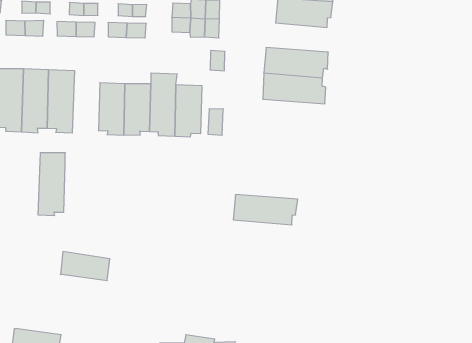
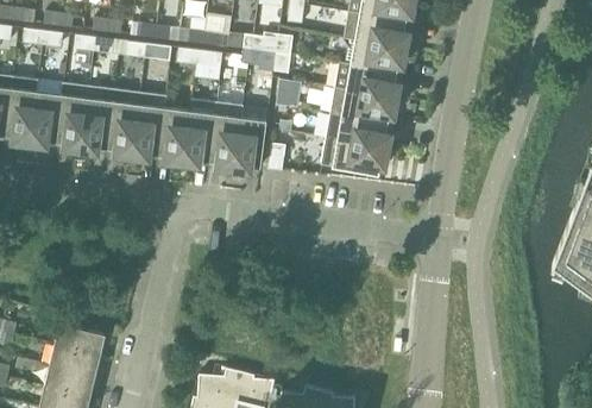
building: none -> [334,63,399,99]
building: [38,153,65,216] -> [132,93,165,157]
building: [233,195,298,225] -> [321,139,388,175]
building: [60,252,110,281] -> [55,322,106,356]

